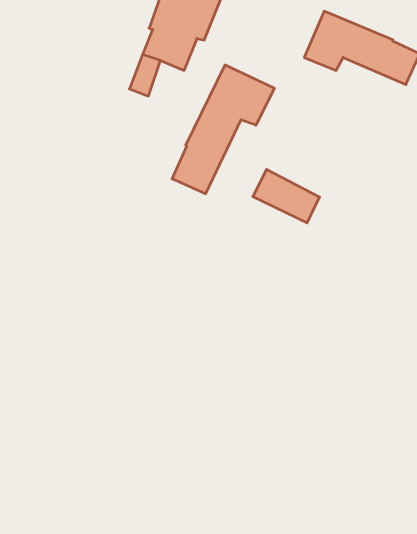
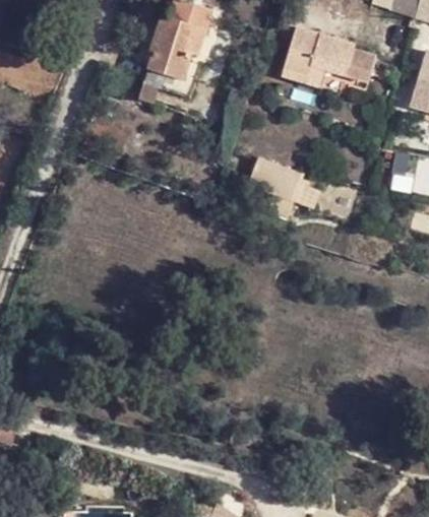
building: [172,65,274,194] -> none

